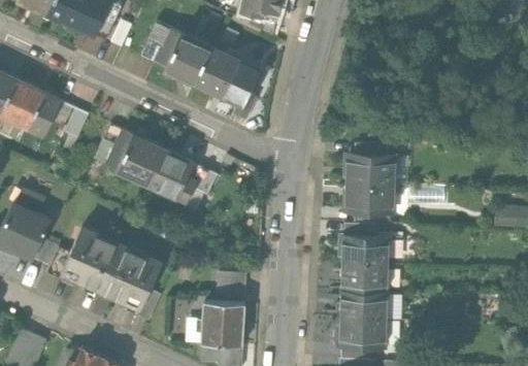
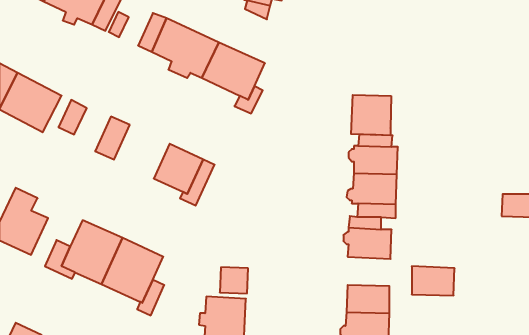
building: none -> [351,95,391,135]
building: [113,133,168,186] -> none
building: [343,263,386,292] -> [412,266,455,295]

